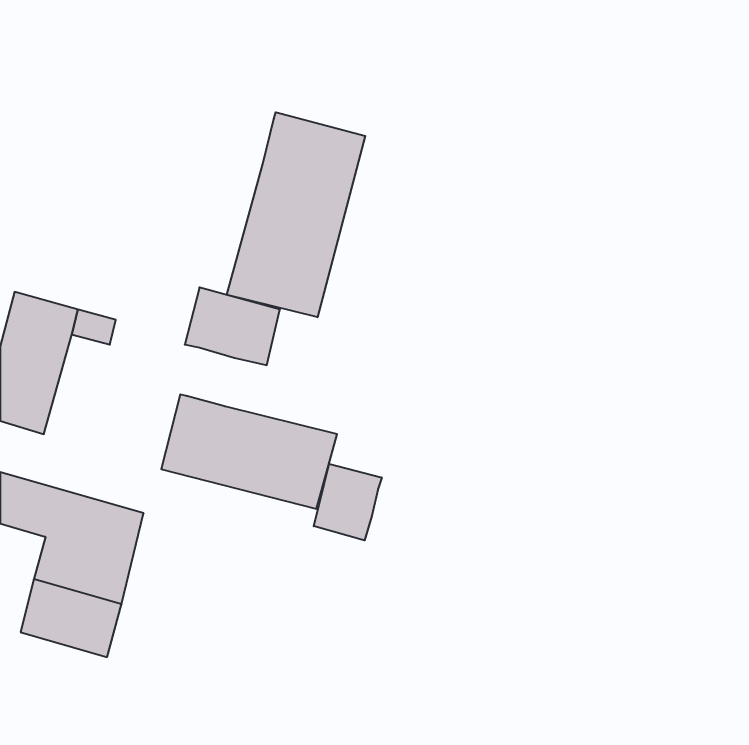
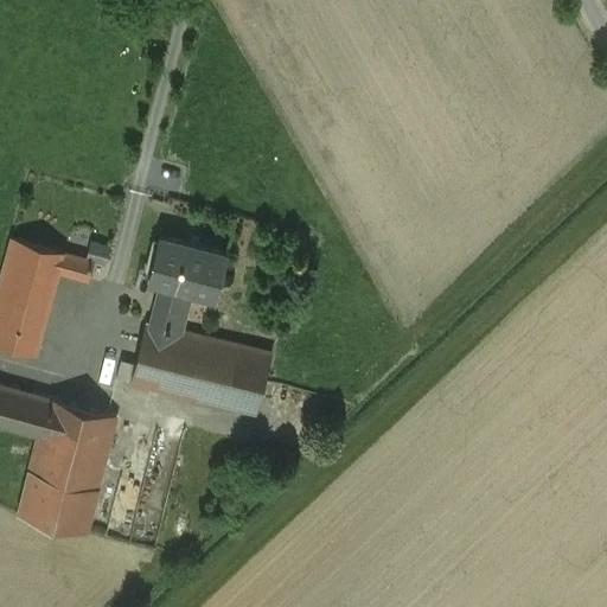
building: [227,112,365,317] -> none
building: none -> [151,285,190,332]
building: [314,464,382,540] -> none

